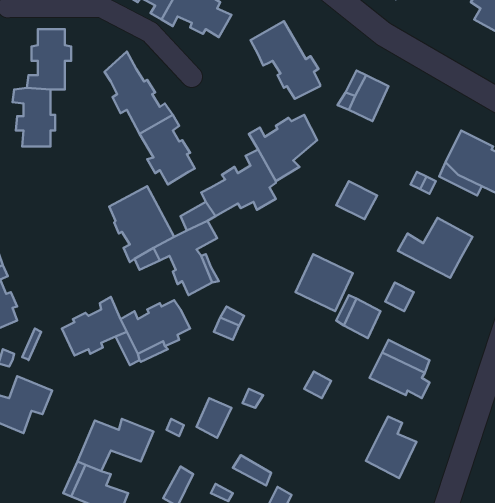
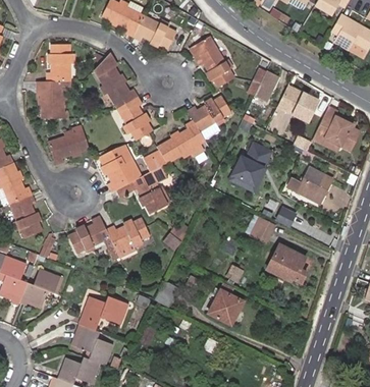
building: none -> [275,87,317,123]
building: none -> [48,131,90,166]
building: [296,254,353,311] -> [229,155,266,191]
building: [366,417,417,478] -> [208,283,241,323]

